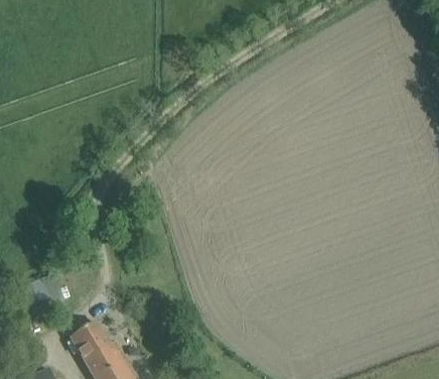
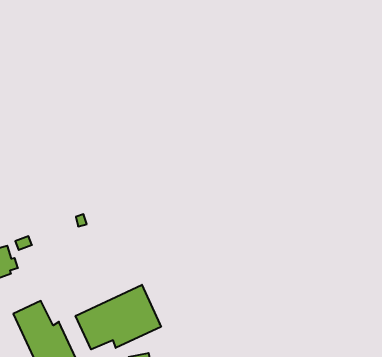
building: none -> [76,285,161,349]

